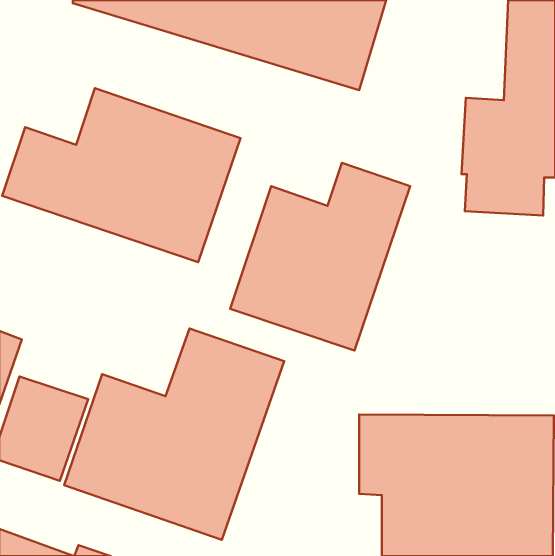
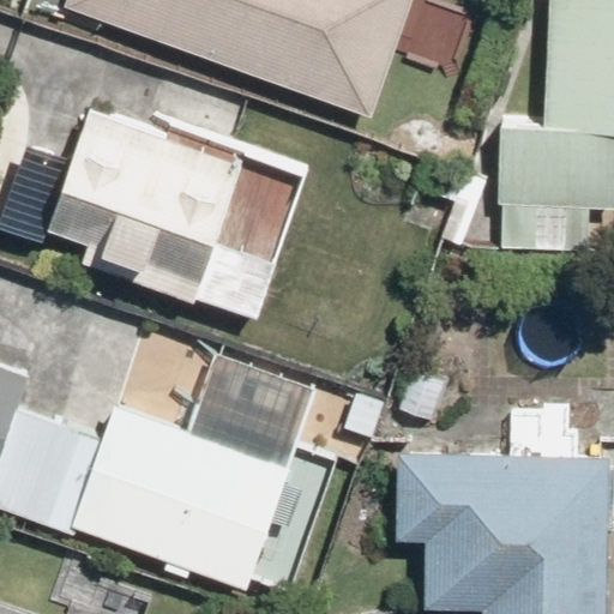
building: [230,163,410,350] -> none

